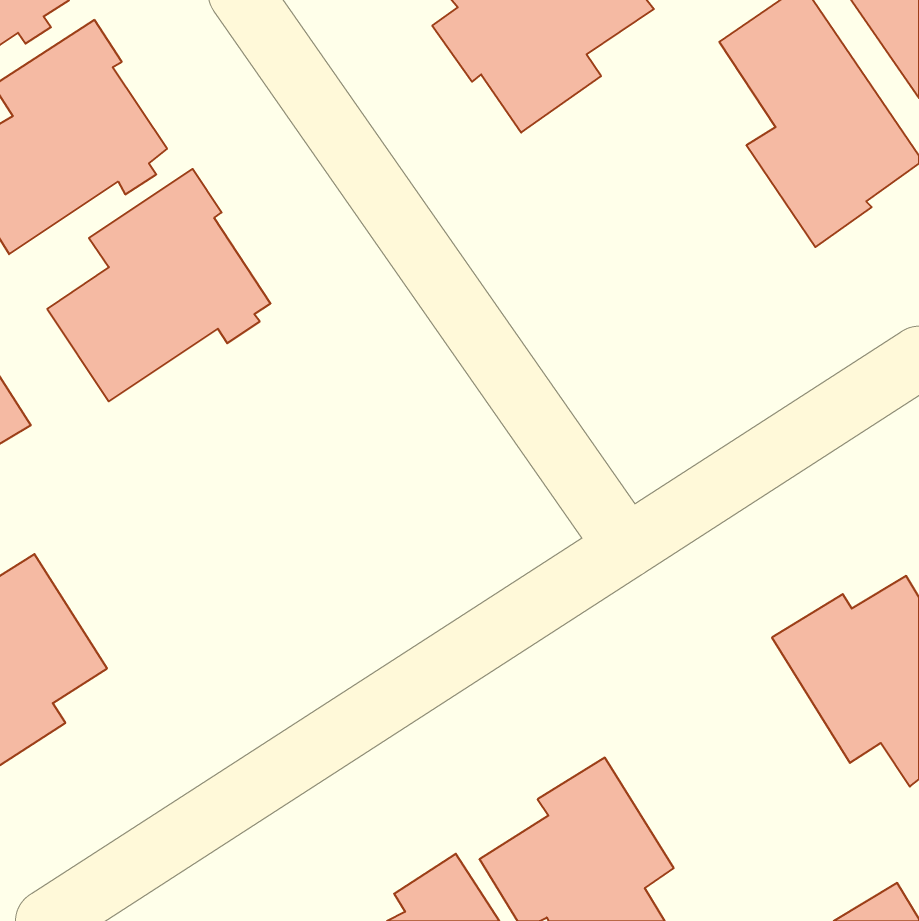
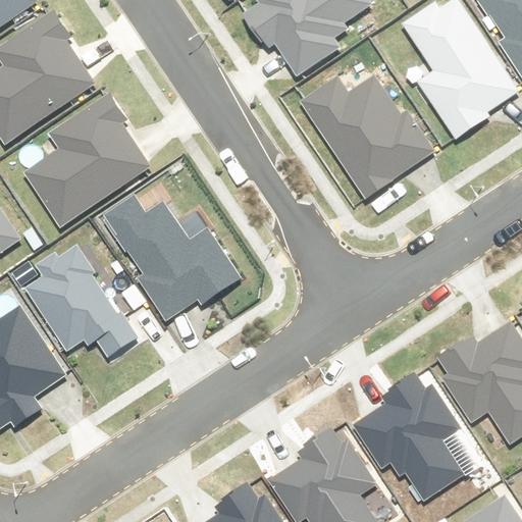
building: none -> [302,77,436,201]
building: none -> [101,196,236,317]
building: none -> [25,246,134,354]
building: none -> [358,370,465,502]

